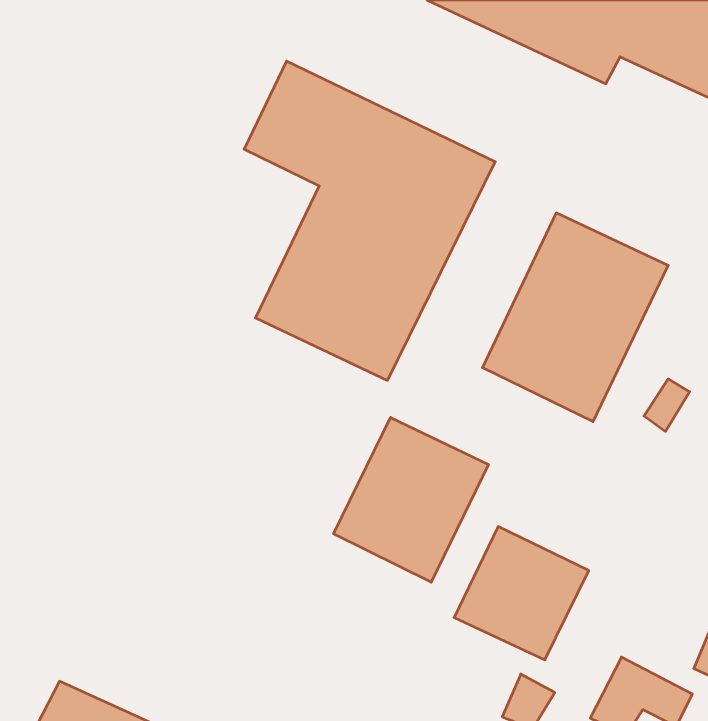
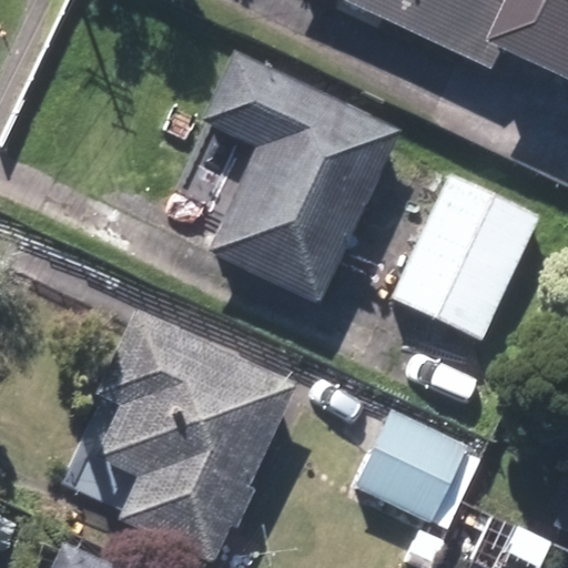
building: none -> [110,314,288,554]
building: [334,417,488,582] -> none

